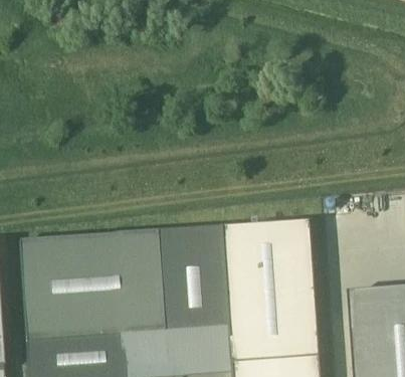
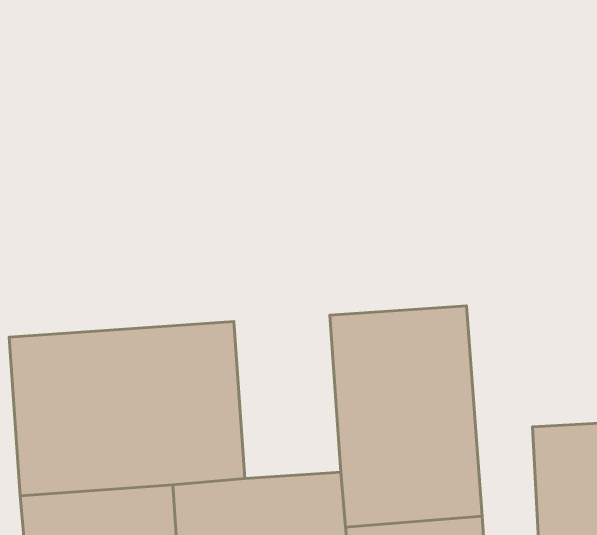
building: [161,226,229,331] -> none

